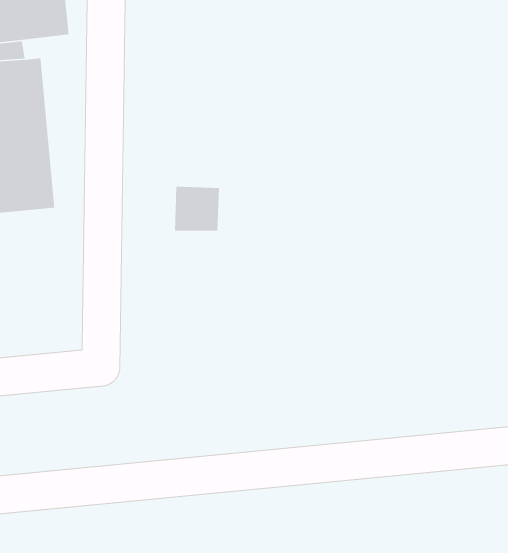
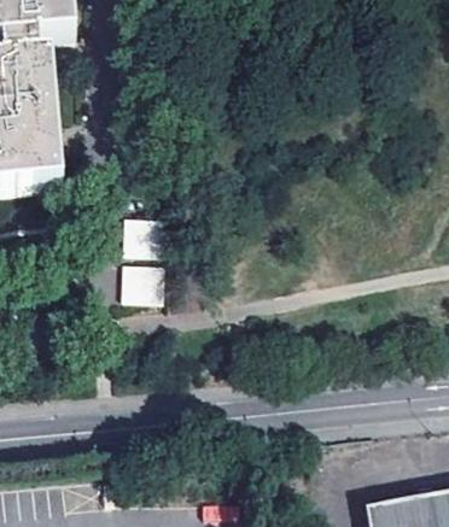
building: [174,186,220,231] -> [122,221,161,259]
building: none -> [121,268,159,306]

